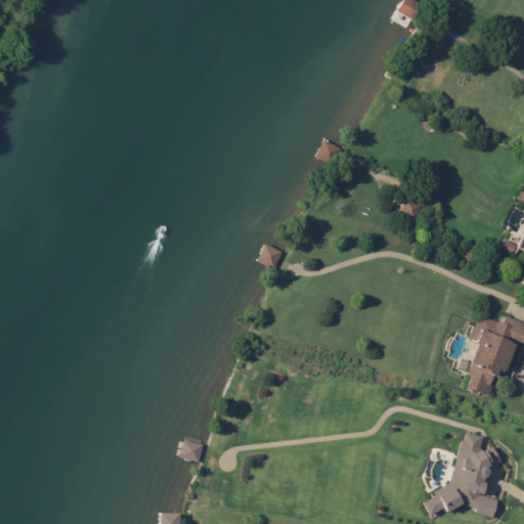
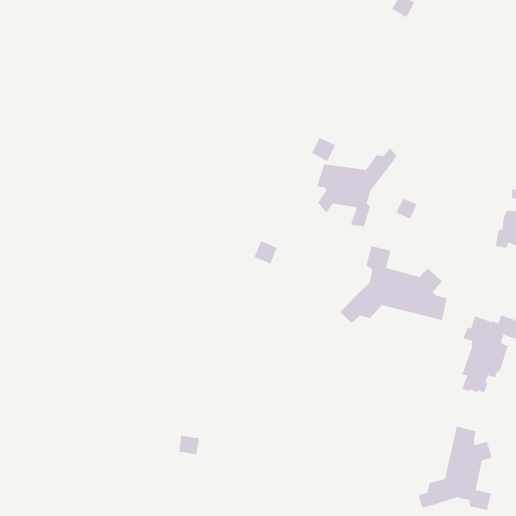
building: none -> [316,147,398,227]
building: none -> [339,245,448,324]

